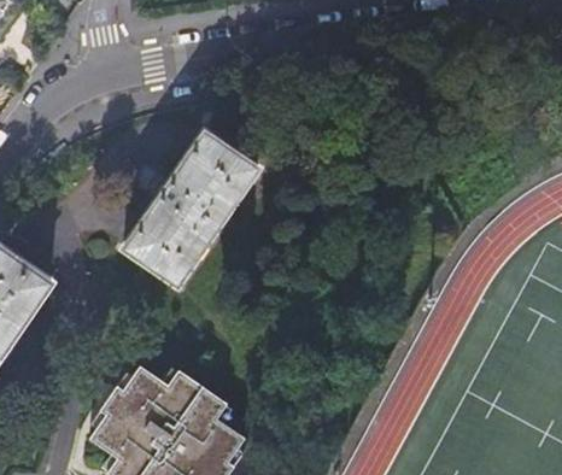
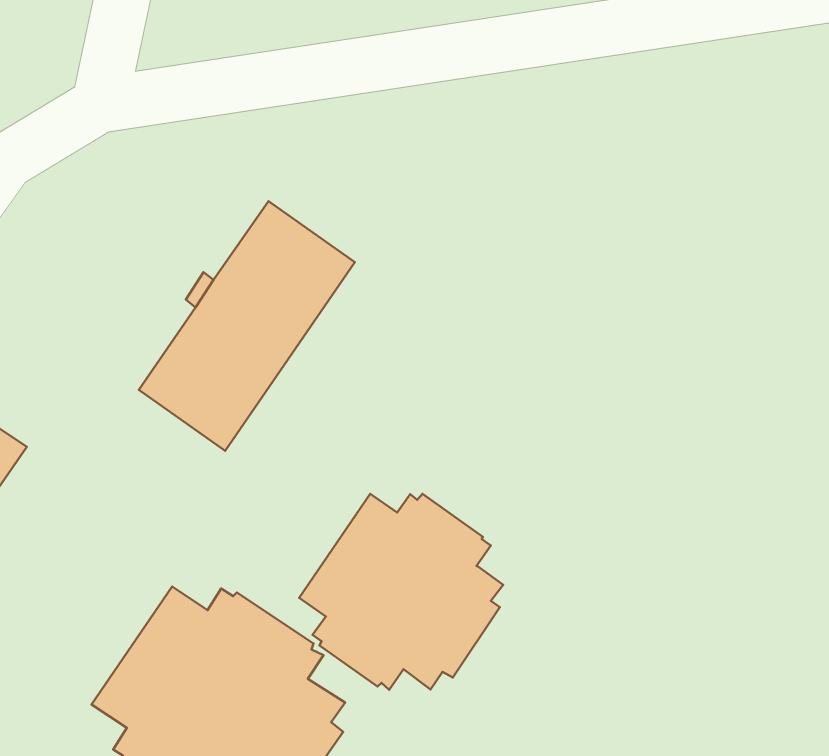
building: none -> [299,494,503,690]

